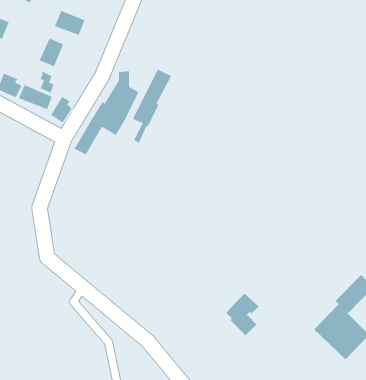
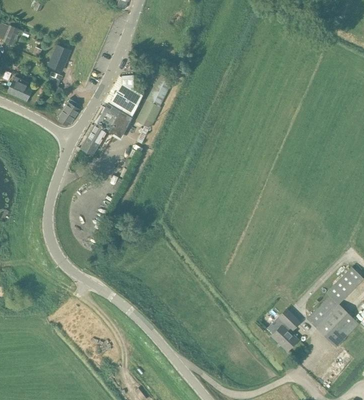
building: [54,10,86,36] -> none
building: [18,84,53,110] -> none
building: [225,293,259,336] -> [268,309,300,350]

